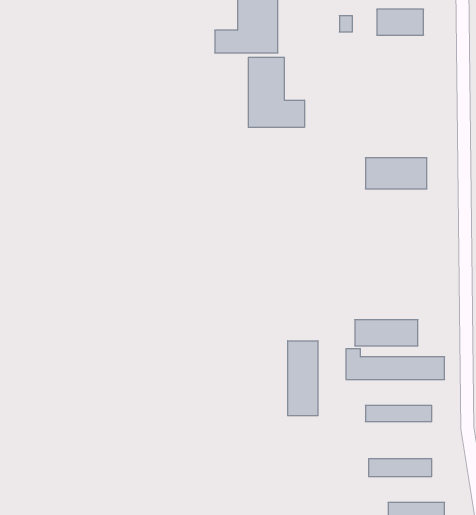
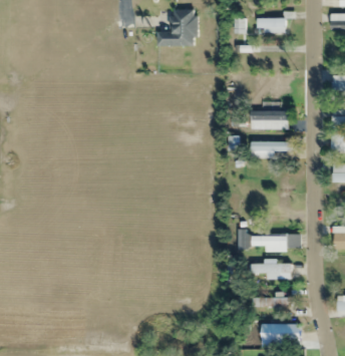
building: [248,57,304,127] -> none
building: [355,320,418,346] -> [250,141,289,157]
building: [288,341,318,416] -> none

